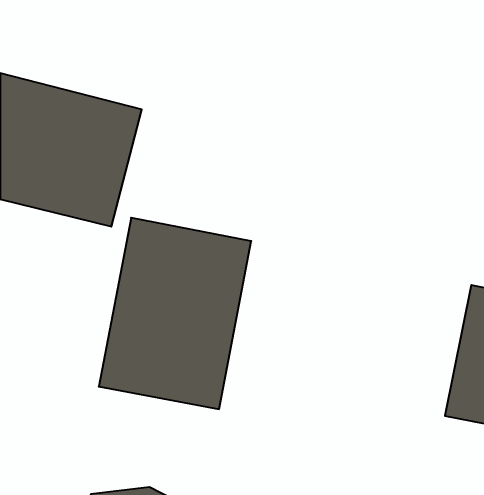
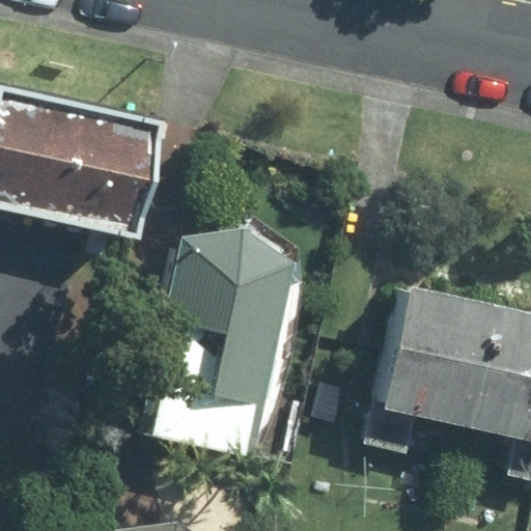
building: none -> [389,287,516,446]

